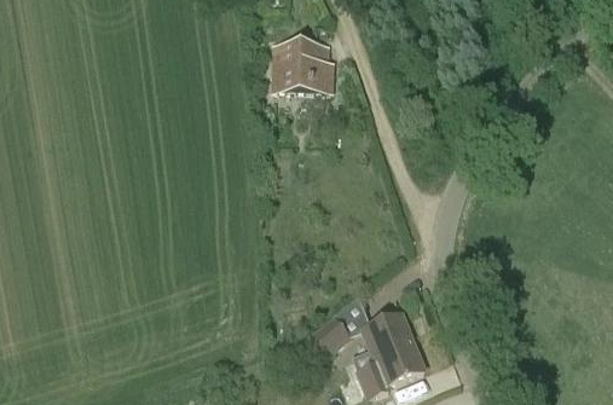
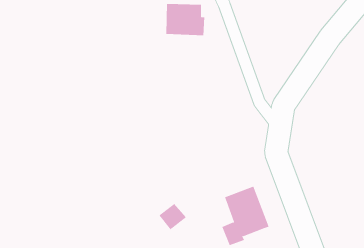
building: [308,316,349,355] -> [159,203,187,230]

